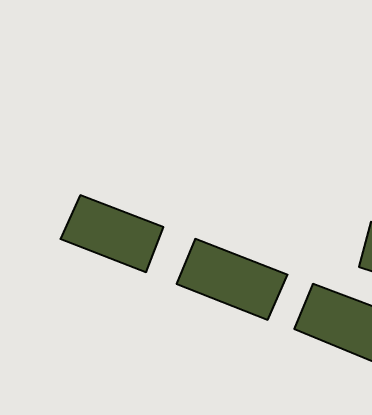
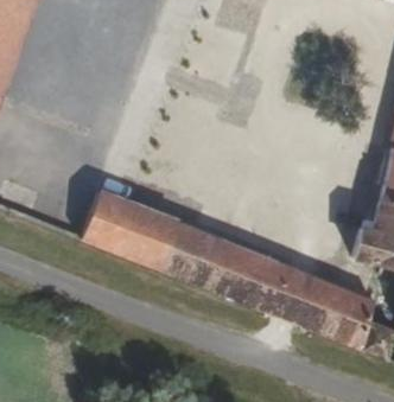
building: none -> [163,219,206,270]
building: none -> [272,262,312,311]

